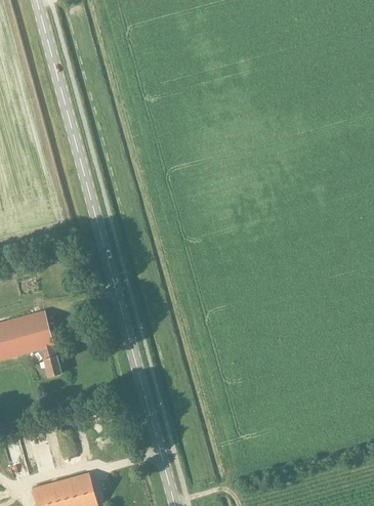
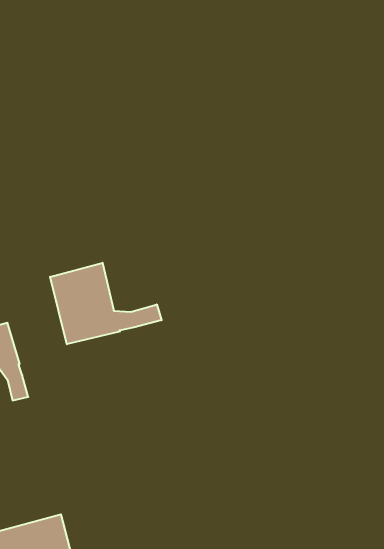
building: none -> [50,263,162,344]

